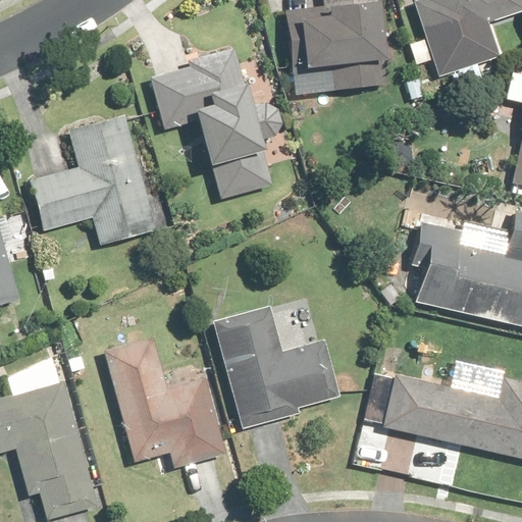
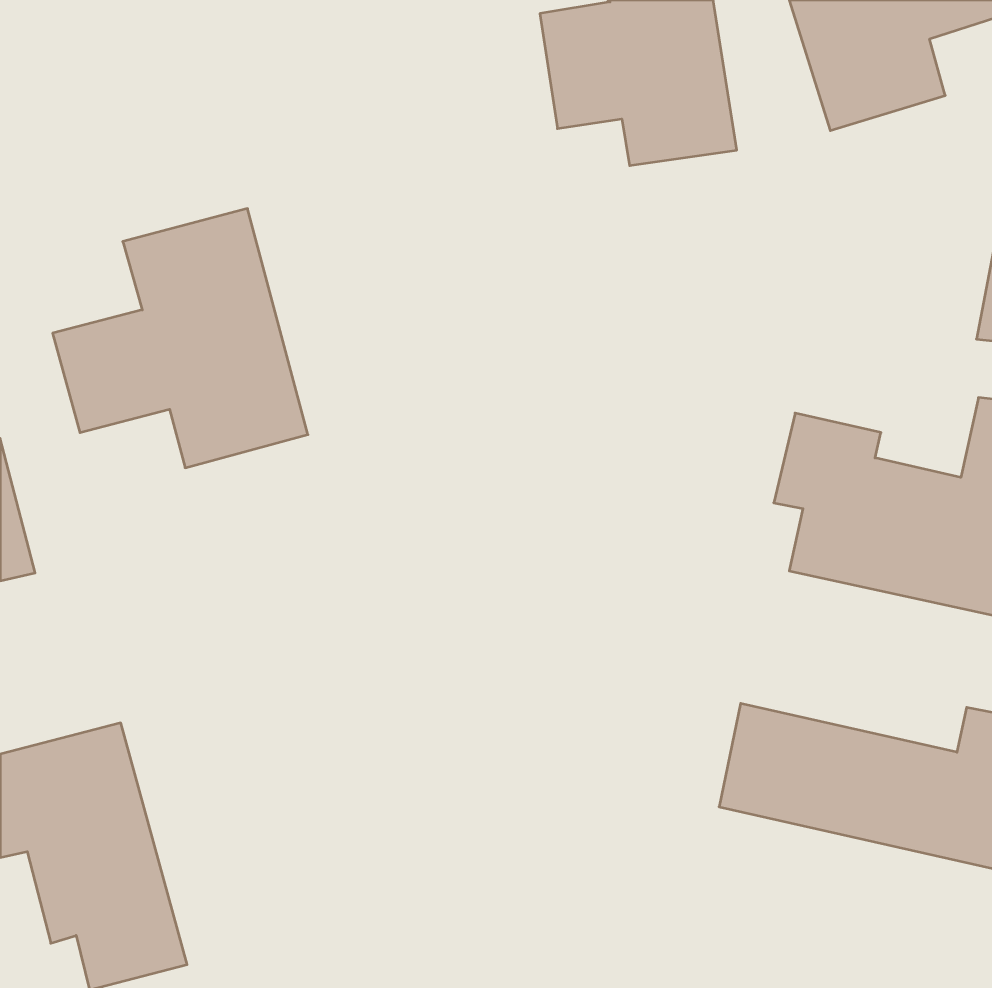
building: [151,49,278,198] -> none
building: [214,311,338,427] -> none
building: [103,334,232,468] -> none

